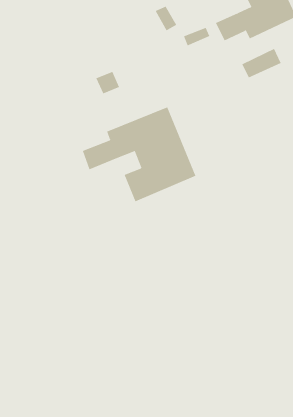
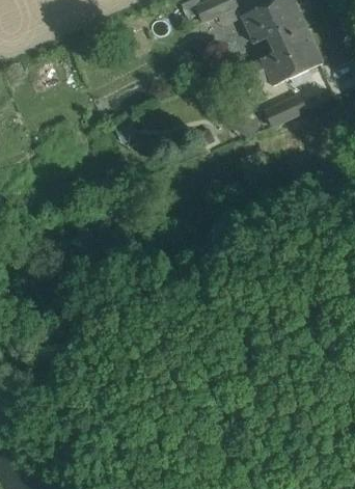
building: [82,107,196,202] -> none

